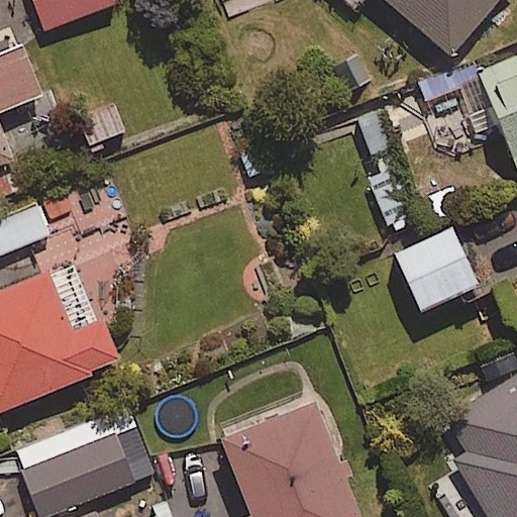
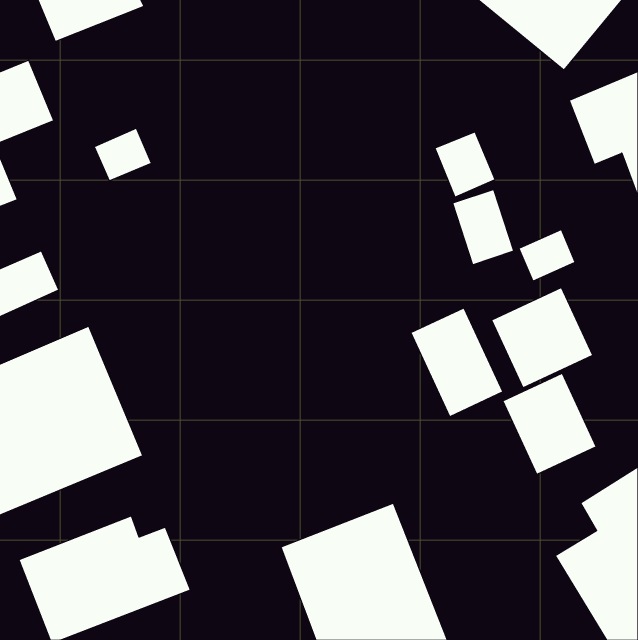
building: none -> [411,308,503,417]
building: none -> [503,373,596,474]

